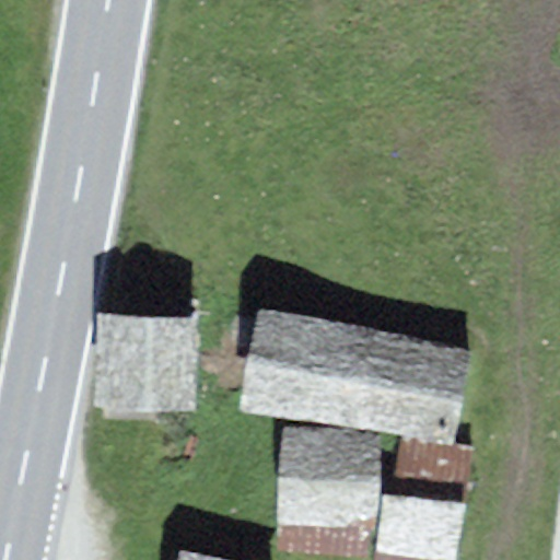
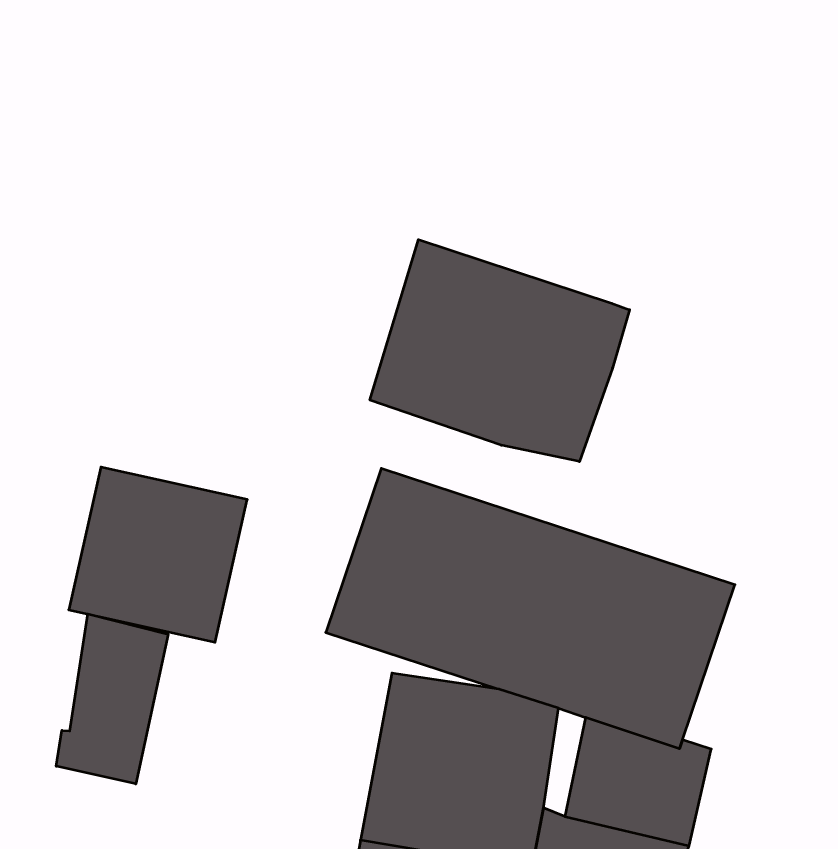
building: none -> [370,240,630,462]
building: none -> [56,614,168,784]

